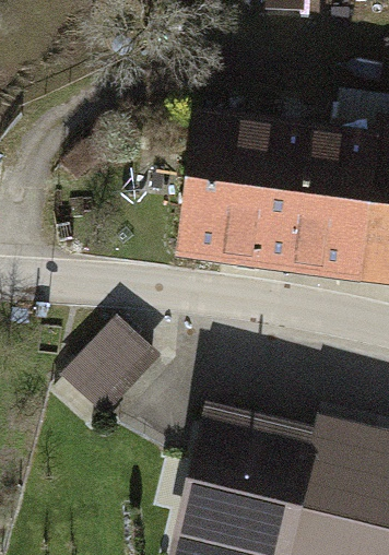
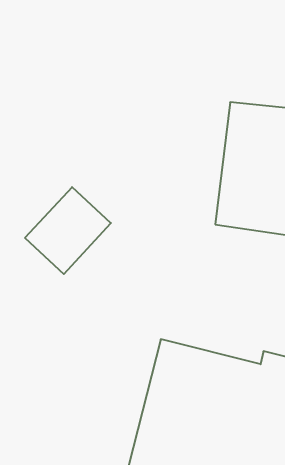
building: [188,115,287,269] -> none
building: [62,319,164,422] -> [25,187,111,274]

